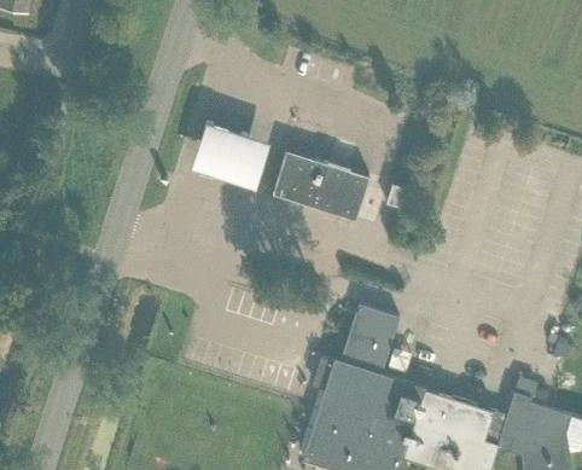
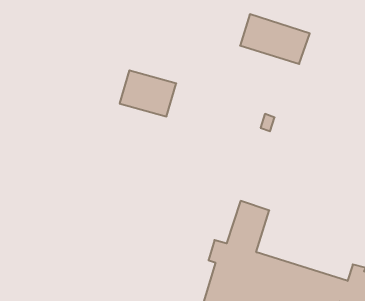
building: [273,151,369,220] -> [240,14,310,64]

